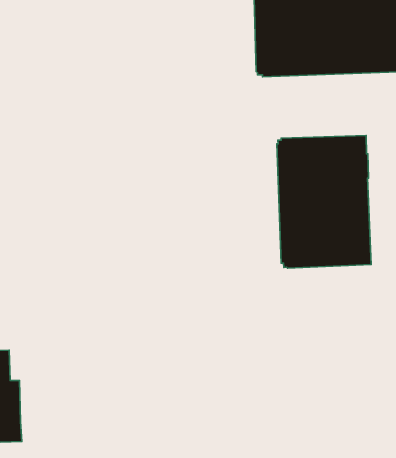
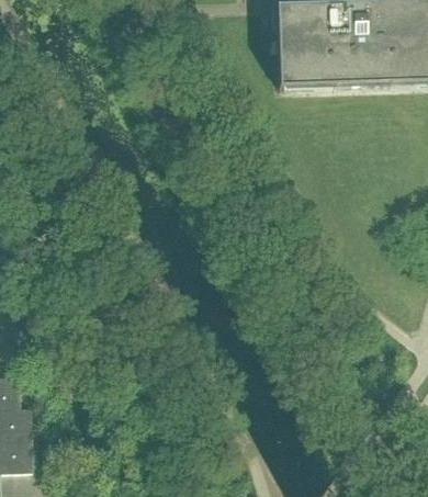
building: [277,136,371,268] -> none

